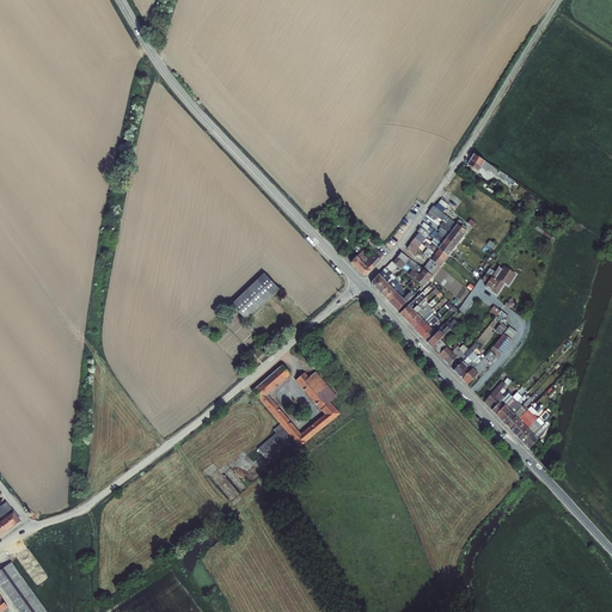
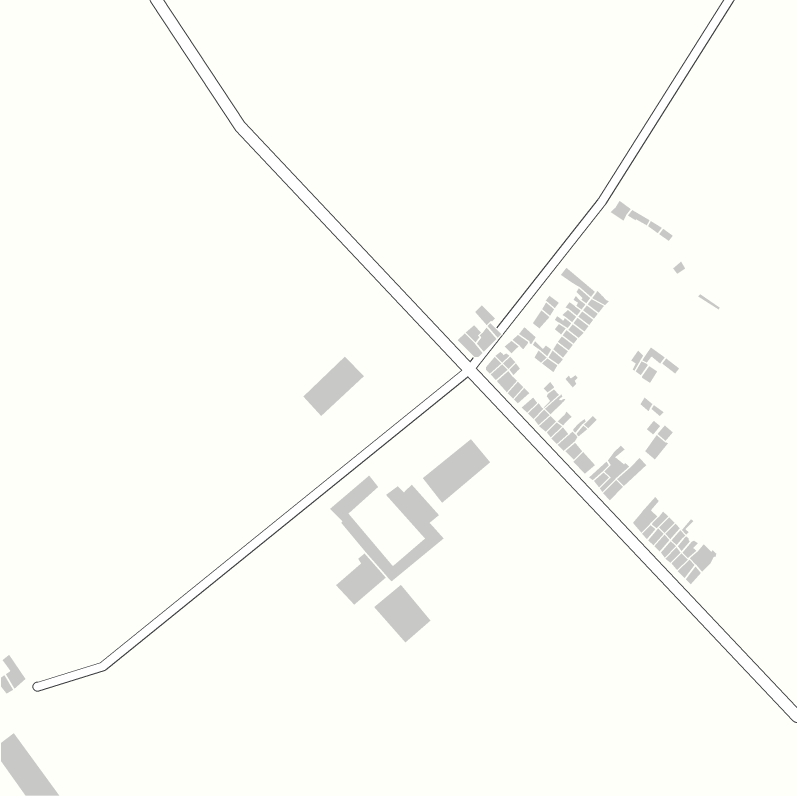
building: none -> [422,438,491,504]
building: none -> [373,584,431,644]

